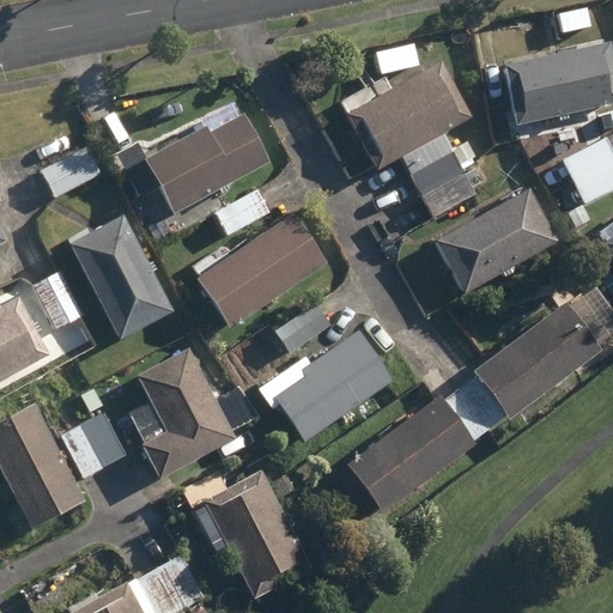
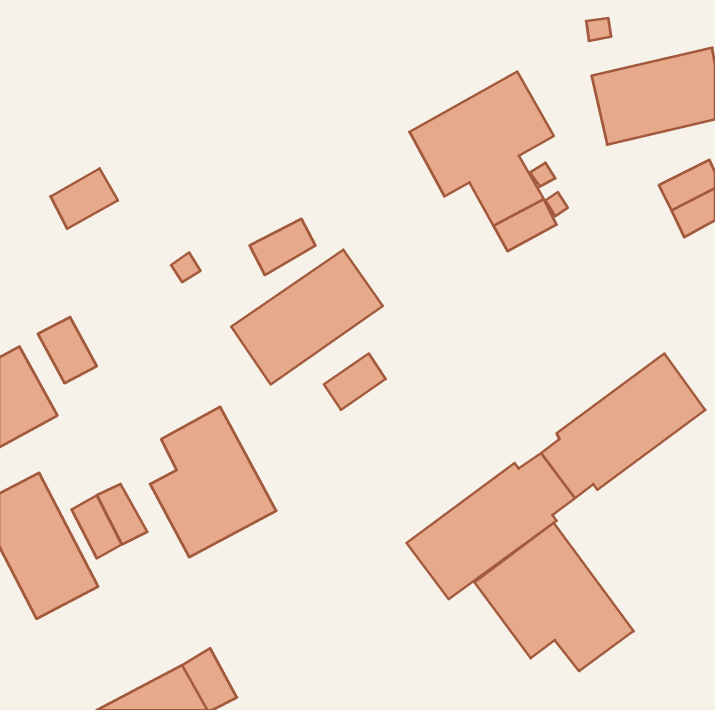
building: [115,113,268,212] -> none
building: [435,187,559,292] -> none
building: [71,216,174,336] -> none
building: [256,329,393,441] -> none
building: none -> [474,523,634,671]
building: [182,469,312,597] -> none

